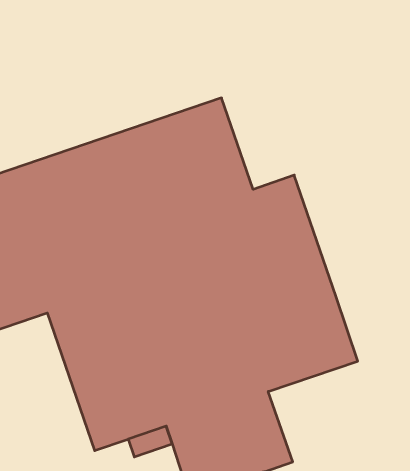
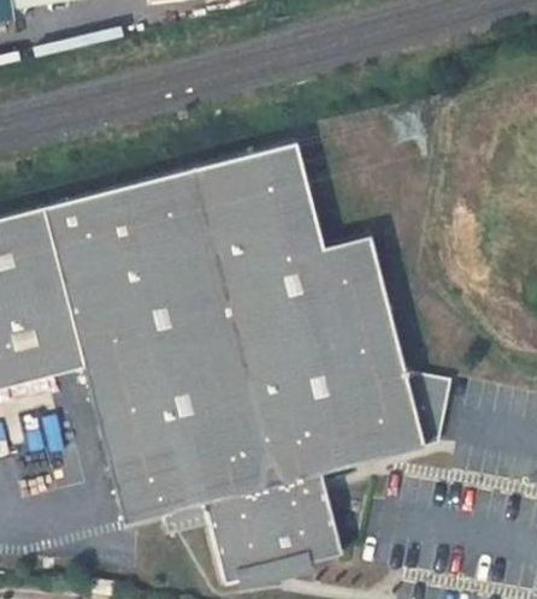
building: none -> [405,372,453,447]

